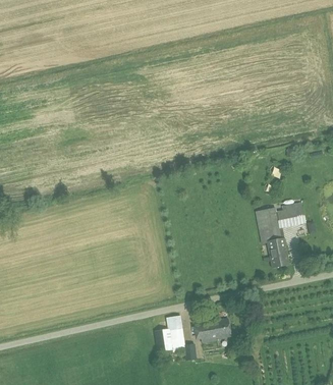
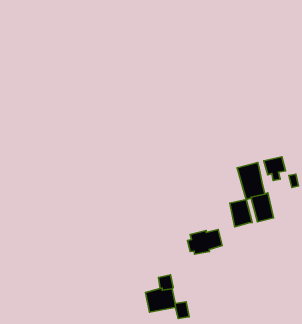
building: none -> [230,199,252,227]
building: [196,319,230,342] -> [188,230,222,254]

